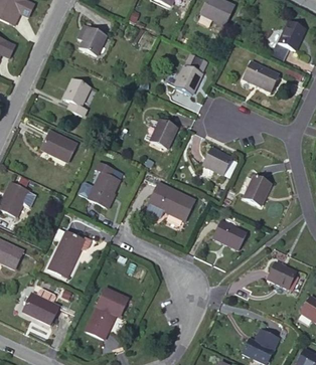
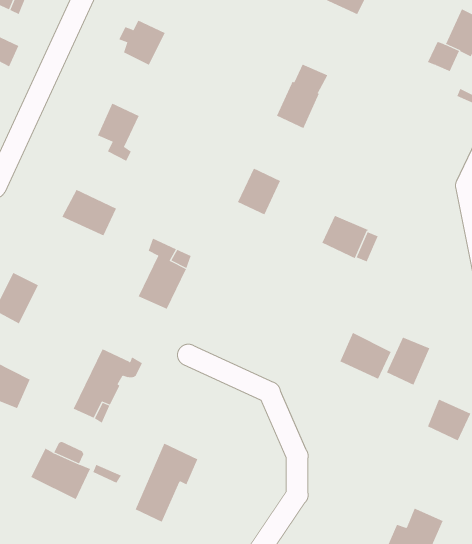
building: [243,60,279,90] -> none
building: [244,176,271,206] -> [386,337,430,386]
building: [146,183,193,220] -> none

